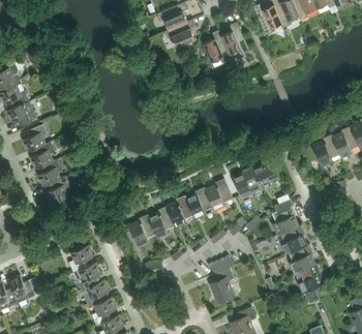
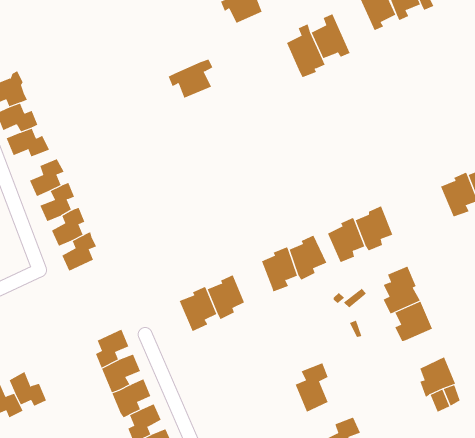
building: [164,20,197,48] -> [168,59,213,98]
building: [167,195,193,227] -> none
building: [289,245,315,274] -> none

